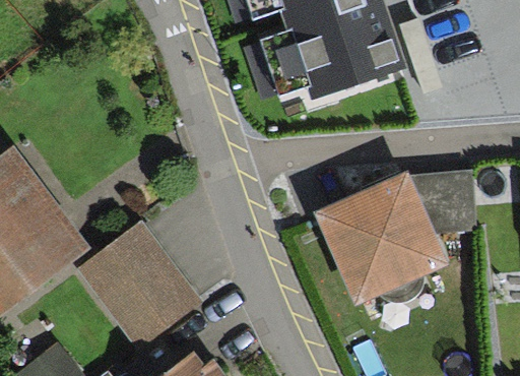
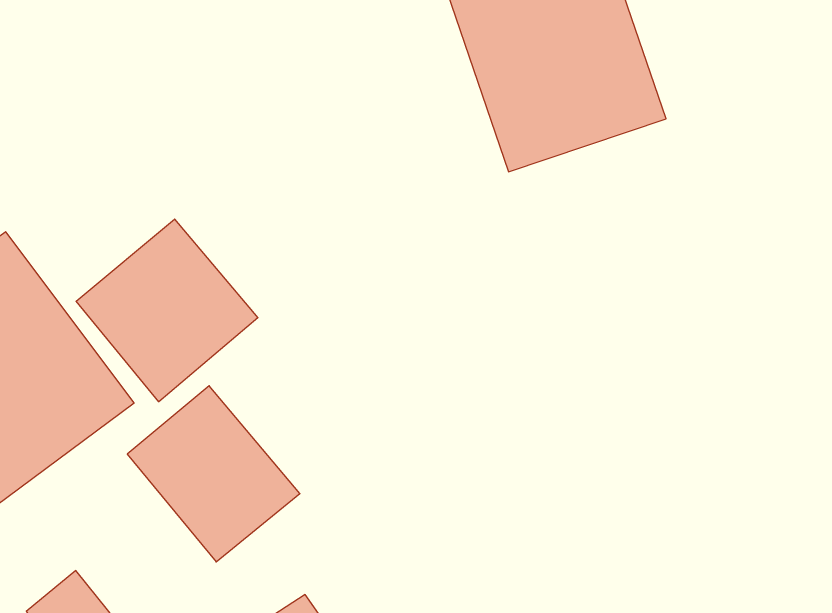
building: none -> [76,219,258,402]
building: [314,178,467,302] -> none

